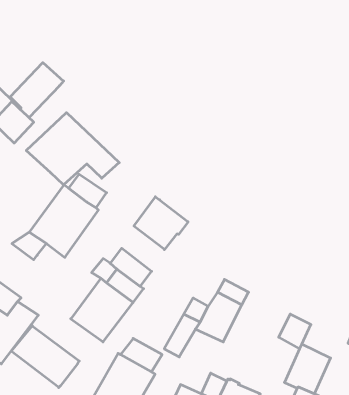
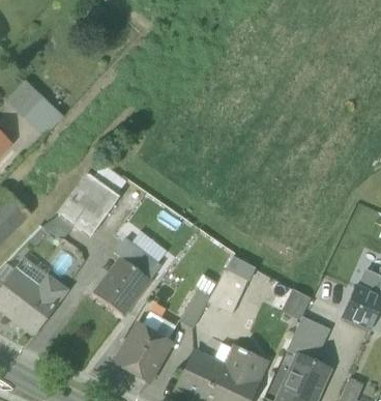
building: [10,63,64,118] -> none
building: [26,113,119,185] -> none
building: [134,197,188,250] -> none
building: [11,326,79,388] -> none

